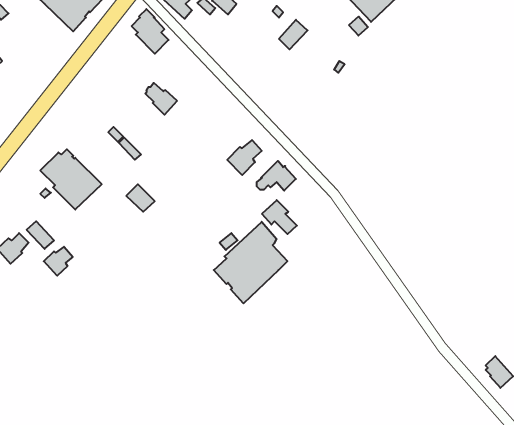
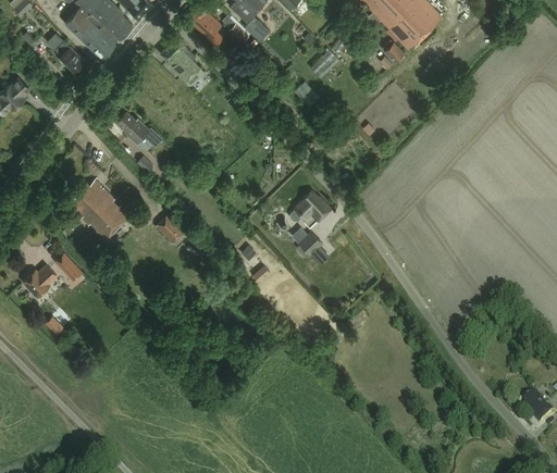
building: none -> [47,33,85,73]
building: [145,83,177,115] -> [117,111,150,144]
building: [227,140,262,175] -> none
building: [214,222,287,303] -> none
building: [44,247,73,276] -> none

